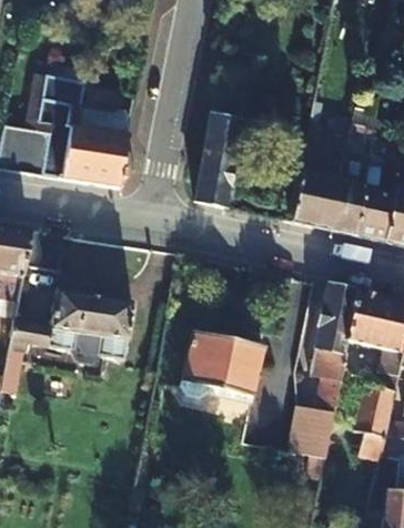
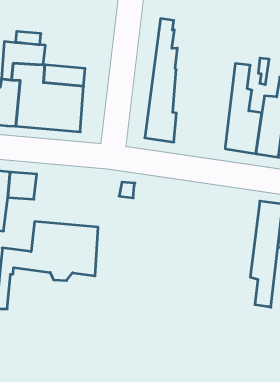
building: [180,334,263,402] -> none
building: [290,407,333,461] -> none

